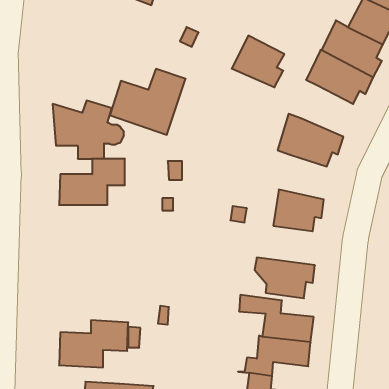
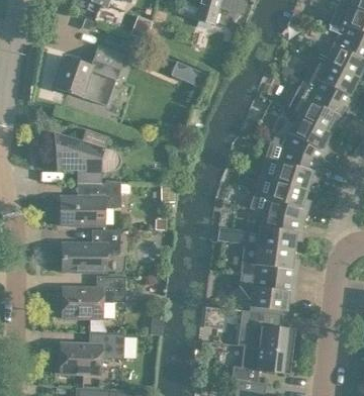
building: [232,36,284,87] -> [282,114,331,162]
building: [110,69,186,135] -> [55,44,124,105]
building: none -> [250,174,308,219]
building: none -> [62,228,119,271]
building: none -> [242,242,297,280]
building: none -> [62,275,124,317]

